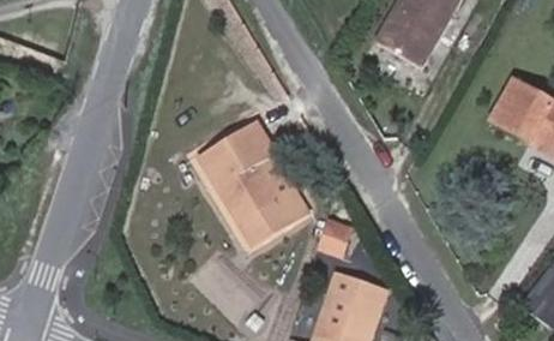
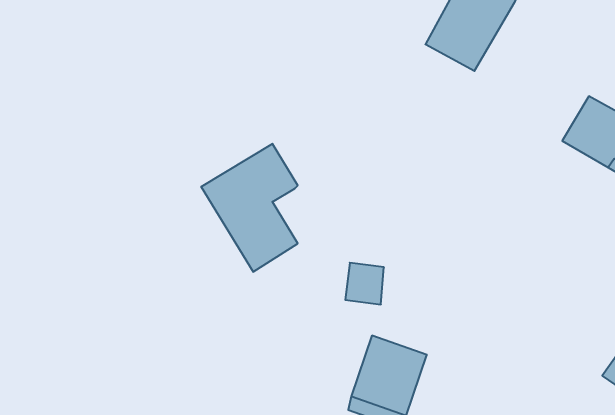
building: [241,156,308,244] -> none

